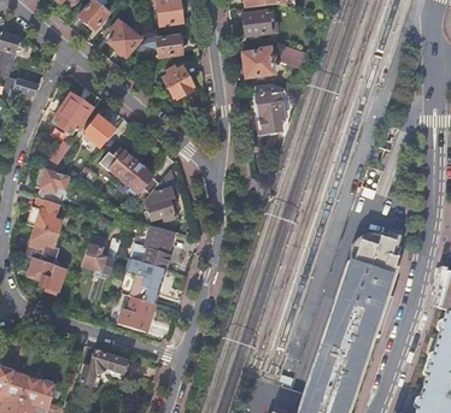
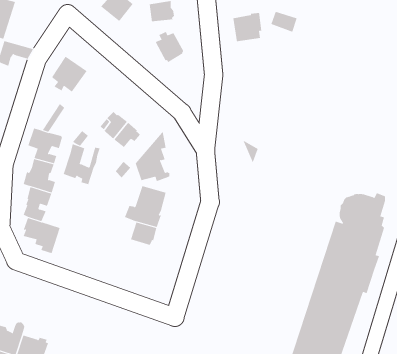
building: [253,82,286,136] -> none
building: [83,114,115,147] -> none
building: [82,234,121,276] -> [63,144,100,185]
building: [117,296,154,331] -> none
building: [80,346,129,385] -> none

